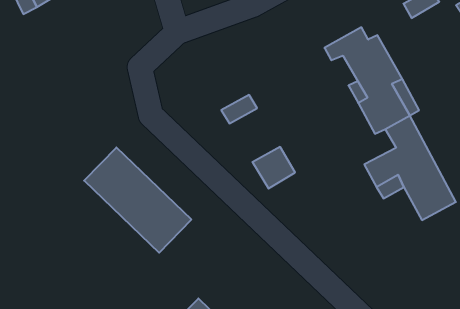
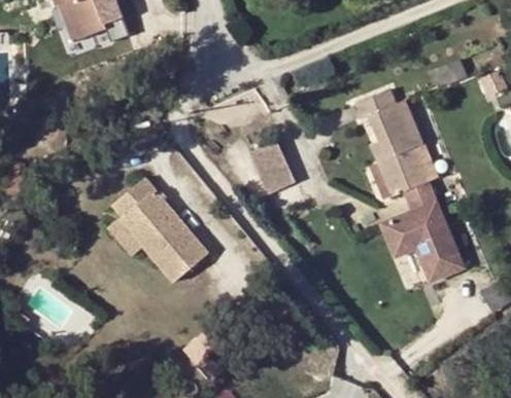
building: [252,147,295,189] -> [256,156,295,194]

